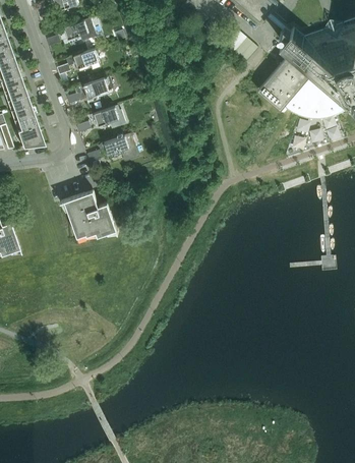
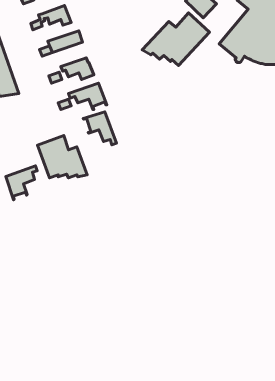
building: none -> [142,13,210,65]
building: none -> [83,112,116,145]
building: none -> [6,166,37,200]

